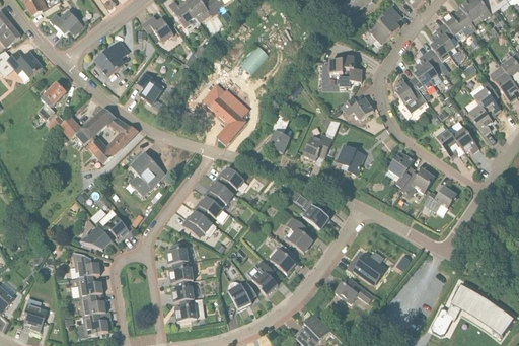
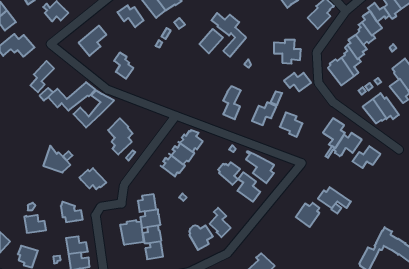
building: [204,91,245,144] -> [211,13,246,57]
building: [184,208,217,235] -> none
building: [80,217,113,250] -> [43,146,70,173]
building: [270,246,296,273] -> [218,162,240,185]
building: none -> [120,220,144,245]
building: [77,274,103,295] -> [24,215,46,233]
building: [335,277,374,302] -> [318,187,351,208]

